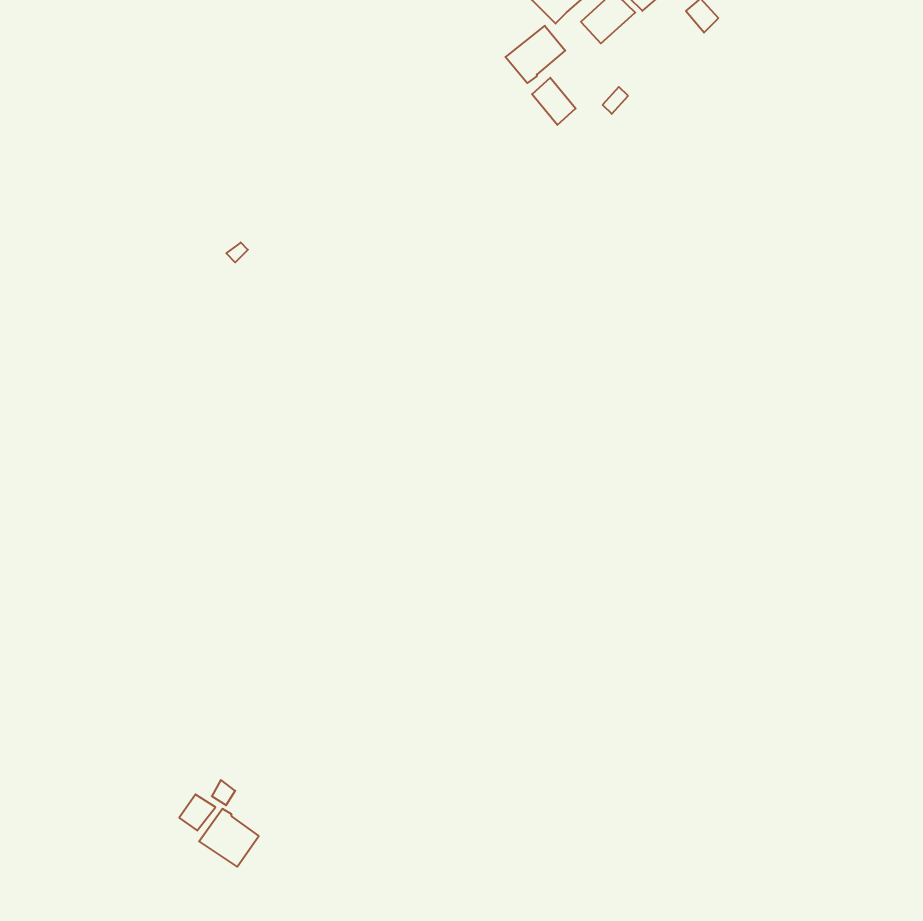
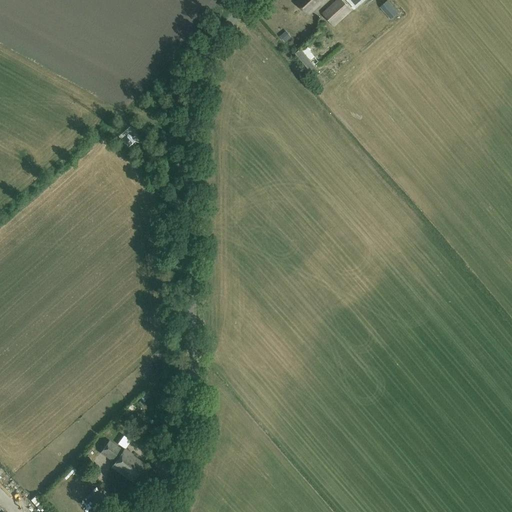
building: [505,26,565,83] -> none

